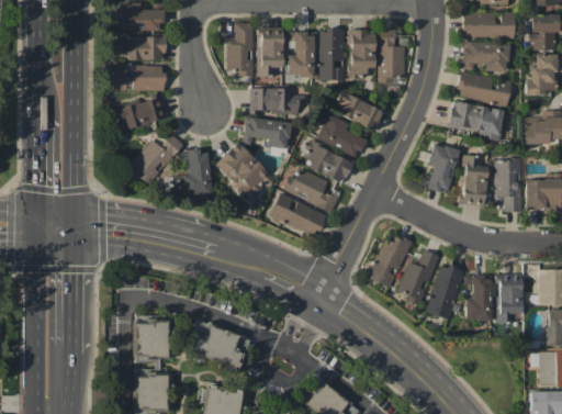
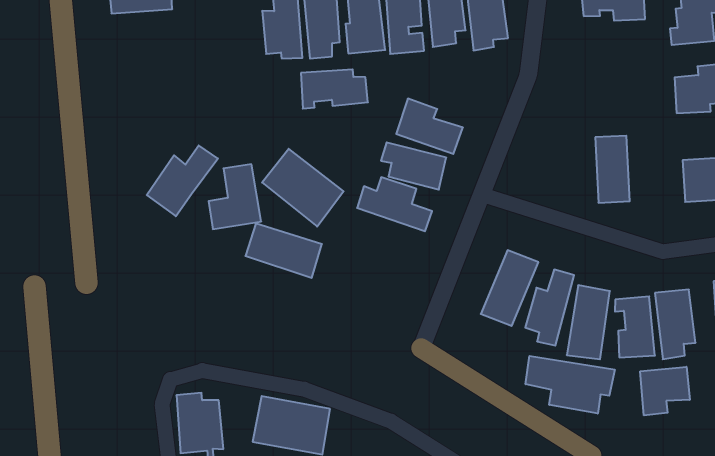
building: [121,36,165,59] -> none
building: [113,65,165,91] -> none
building: [458,74,512,105] -> none
building: [334,91,384,132] -> none
building: [115,99,167,131] -> none
building: [449,103,504,142] -> none
building: [244,118,291,149] -> none
building: [420,144,460,194] -> none
building: [495,159,521,212] -> none
building: [269,194,326,238] -> [245,224,322,278]
building: none -> [526,356,615,414]
building: none -> [640,367,690,415]

